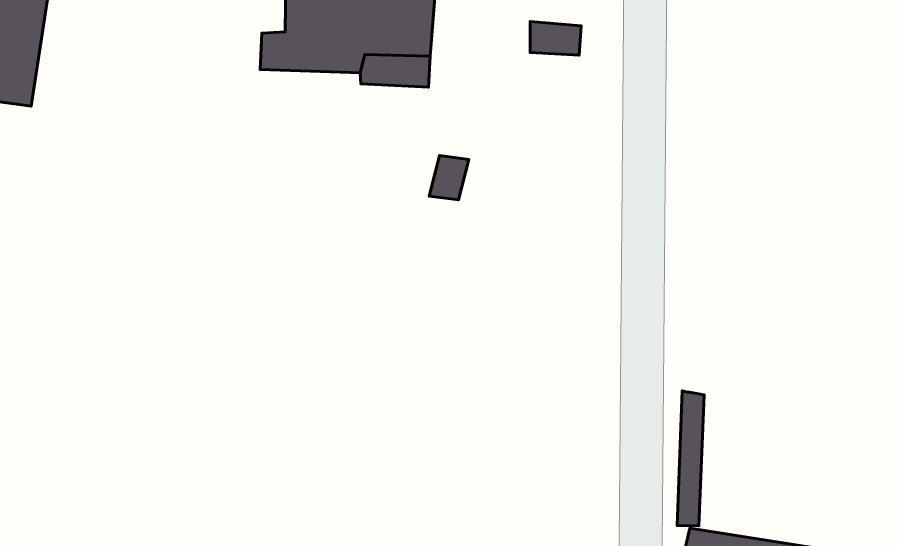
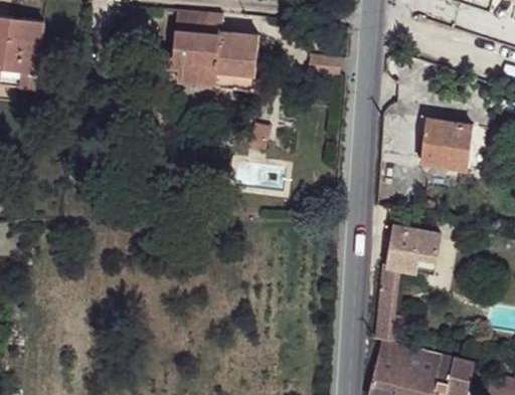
building: none -> [422,119,474,169]
building: none -> [386,227,442,273]

